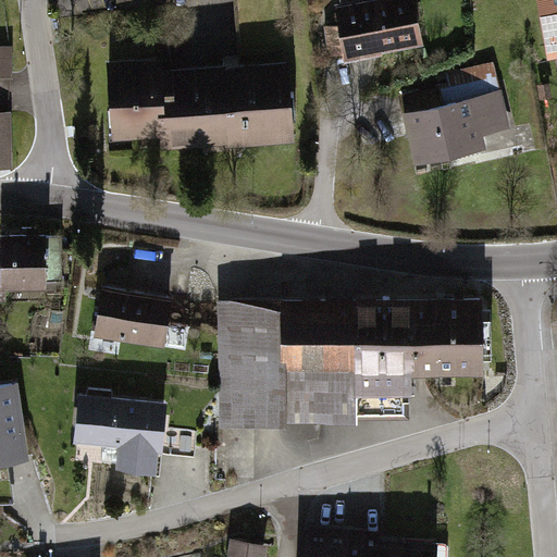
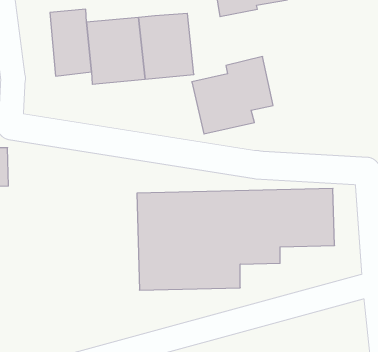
building: [399,70,508,173] -> [192,57,273,134]
building: [90,285,175,354] -> none
building: [75,398,171,478] -> none

